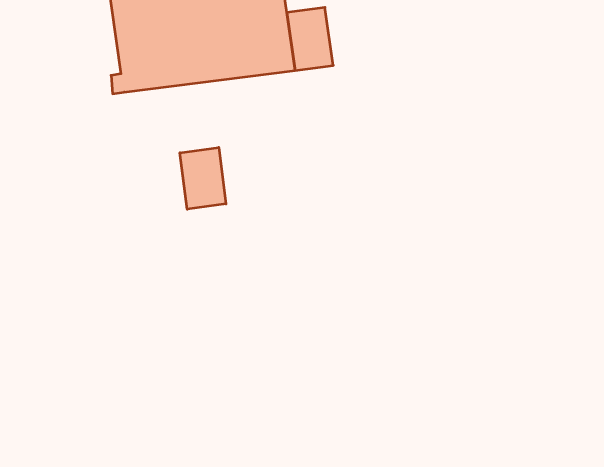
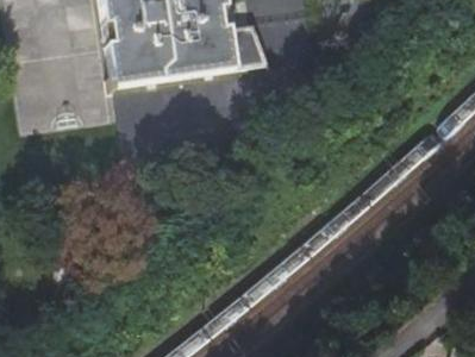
building: [180,147,226,209] -> none

